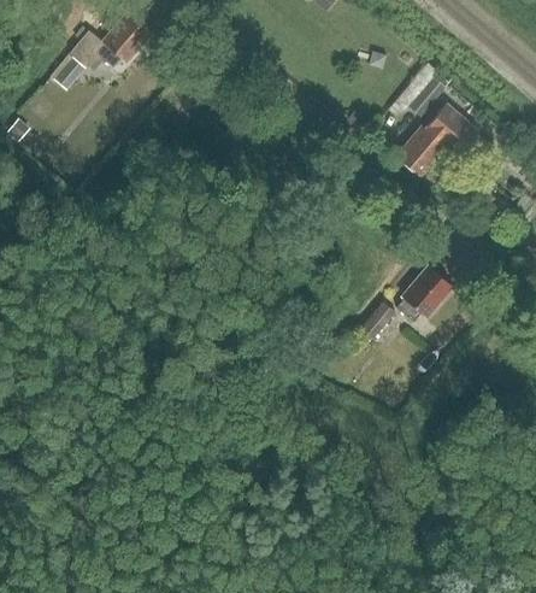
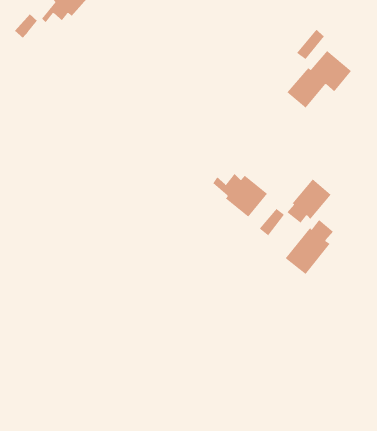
building: none -> [212,173,268,217]
building: none -> [285,219,334,275]

